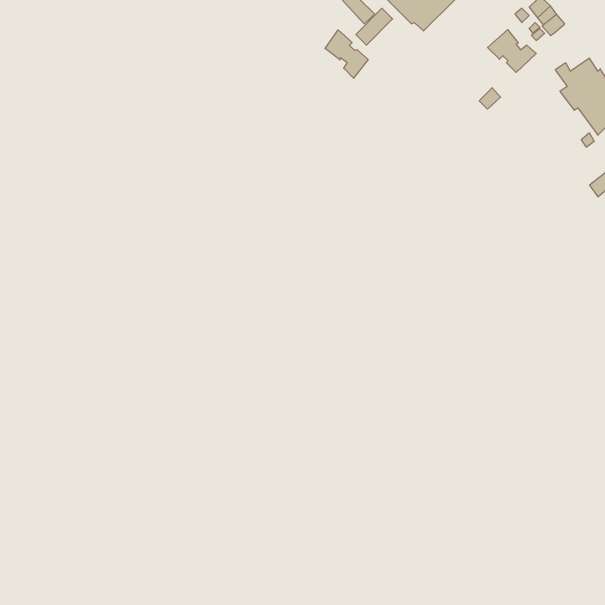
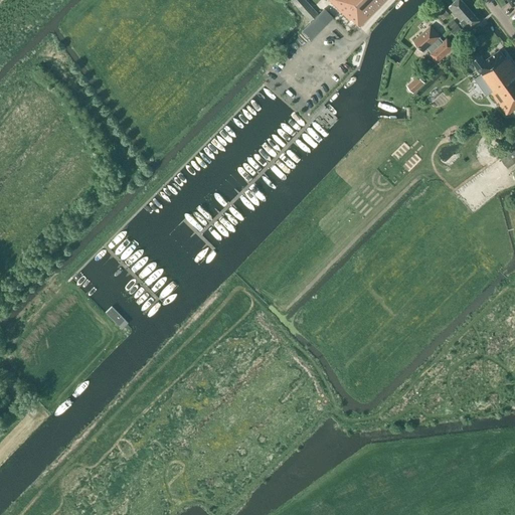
building: [325,30,368,78] -> none

